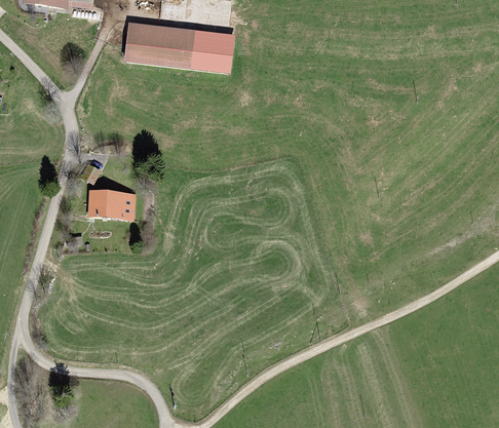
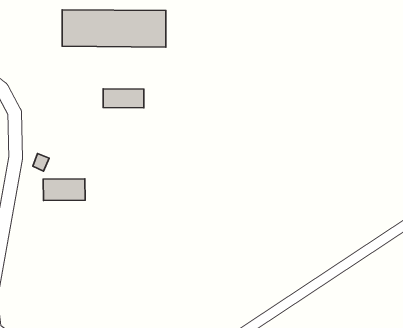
building: none -> [103,89,144,108]

